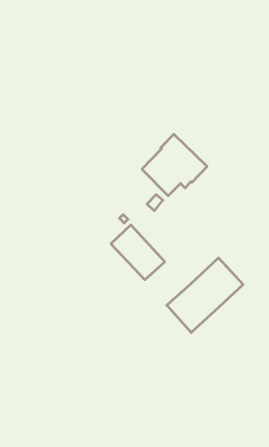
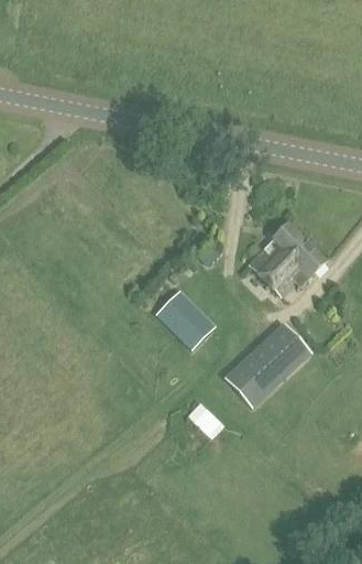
building: [142,134,207,196] -> [249,224,325,295]

